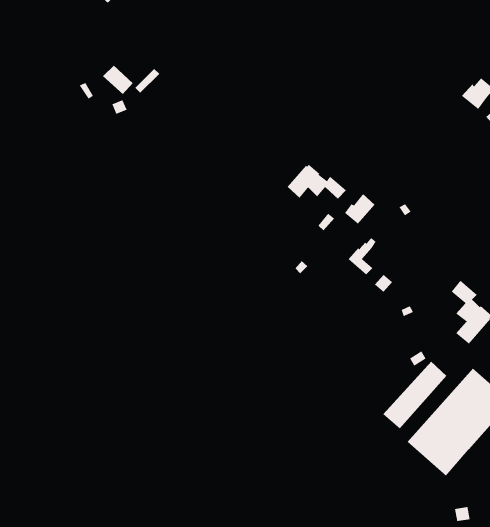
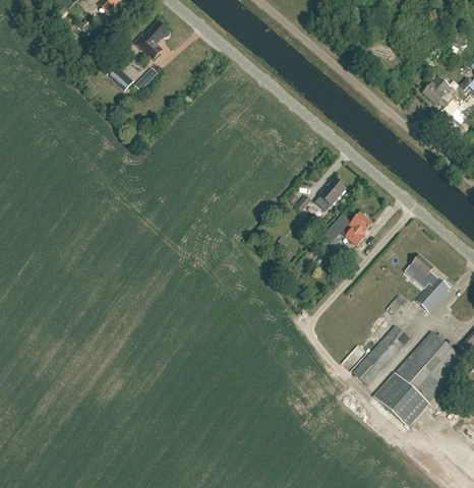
building: none -> [133,20,169,58]
building: [287,164,347,200] -> none
building: none -> [346,212,373,245]

